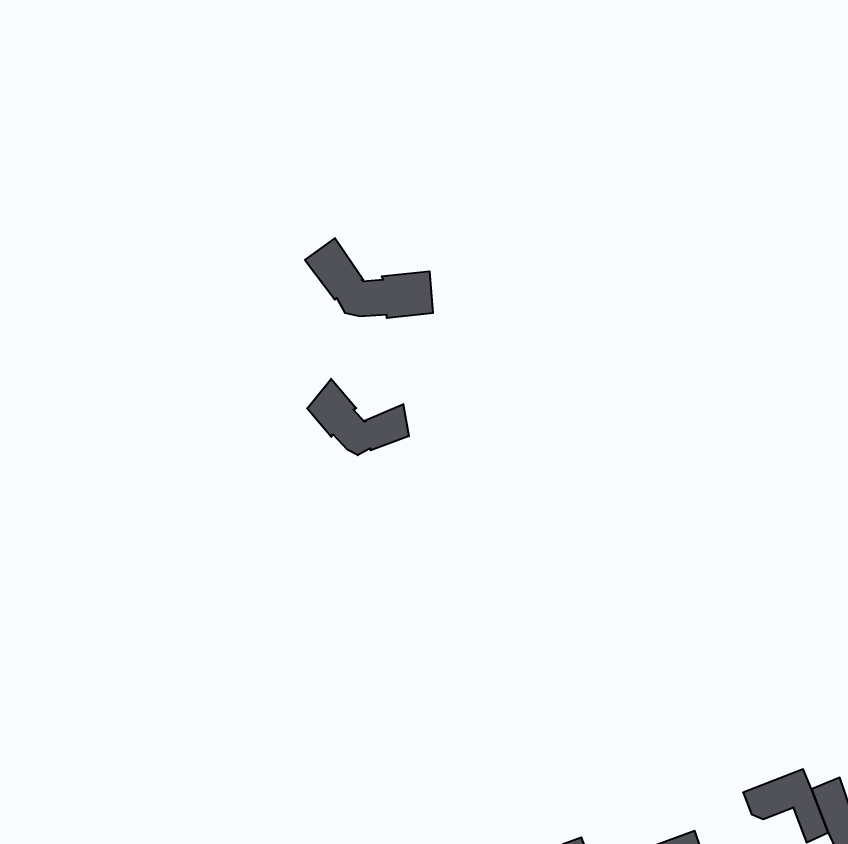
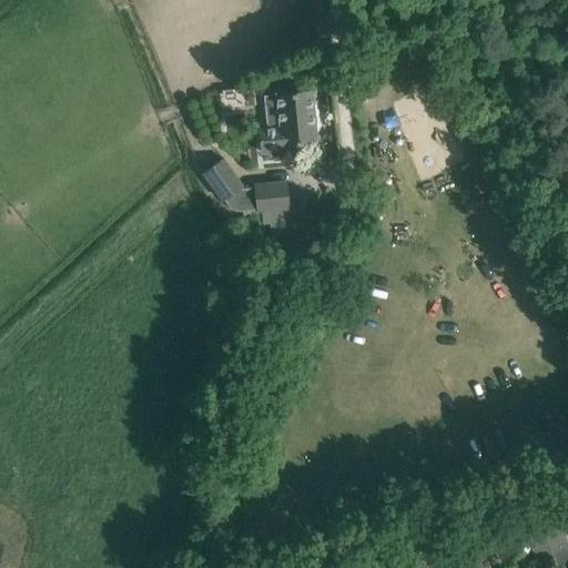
building: none -> [262,92,318,158]
building: [307,379,409,455] -> none

